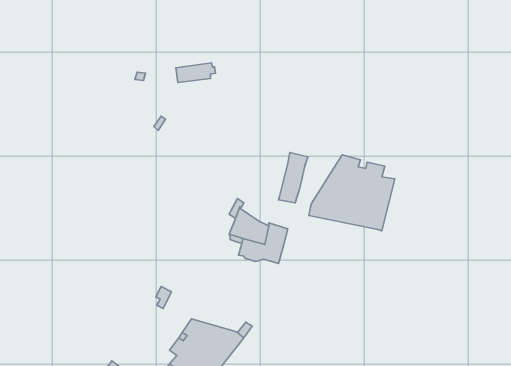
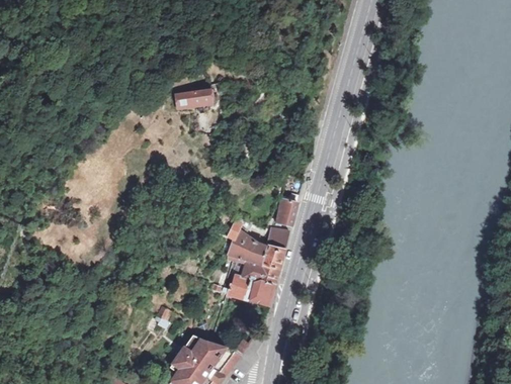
building: [309,155,395,231] -> none
building: none -> [265,225,289,250]
building: none -> [227,275,274,305]

